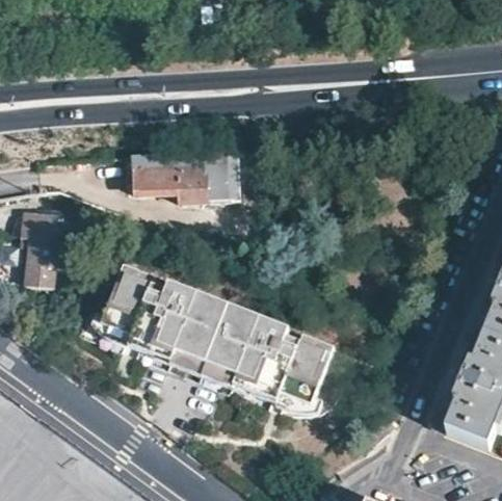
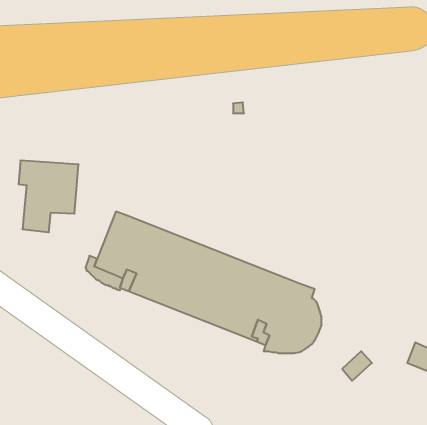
building: [127,151,230,201] -> none

